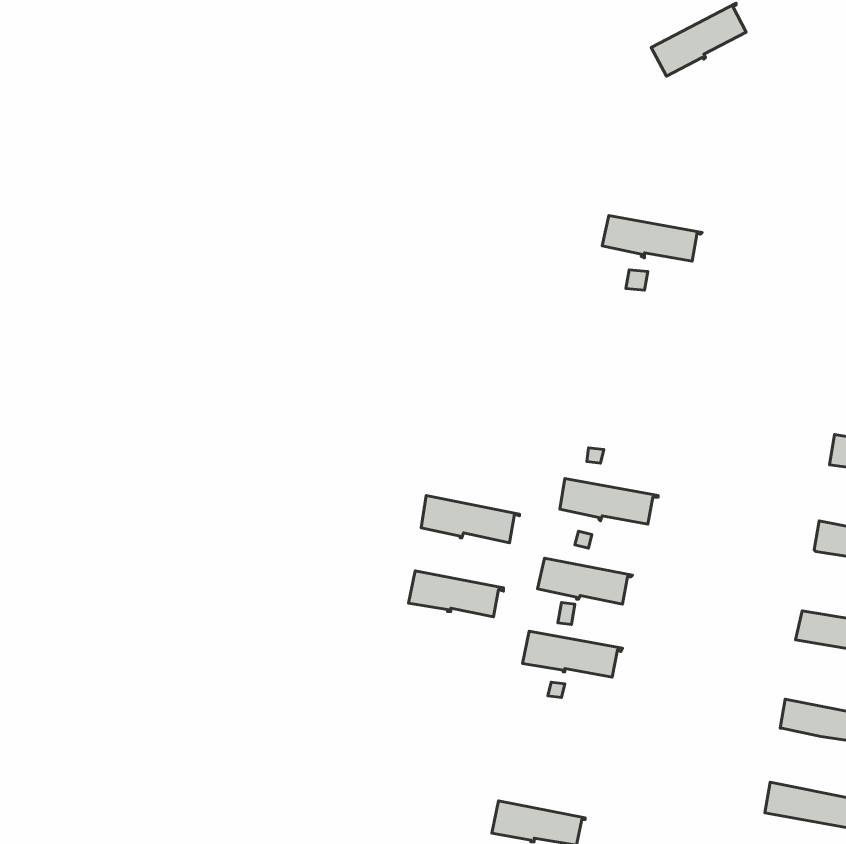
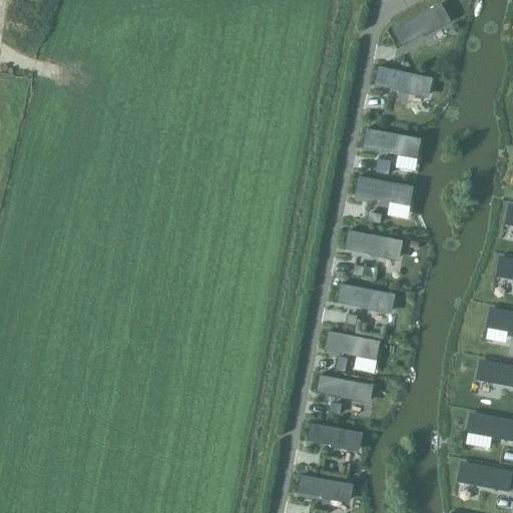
building: none -> [376,67,435,95]
building: none -> [357,176,415,203]
building: [421,495,520,543] -> [346,230,404,259]
building: [409,571,504,617] -> [308,423,364,450]

